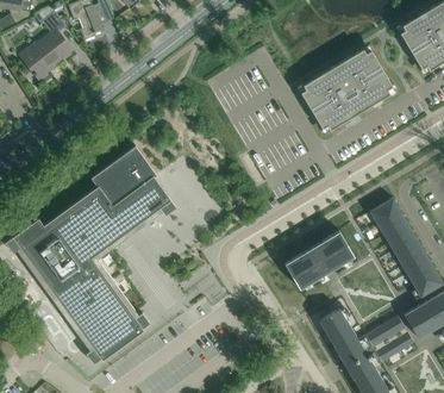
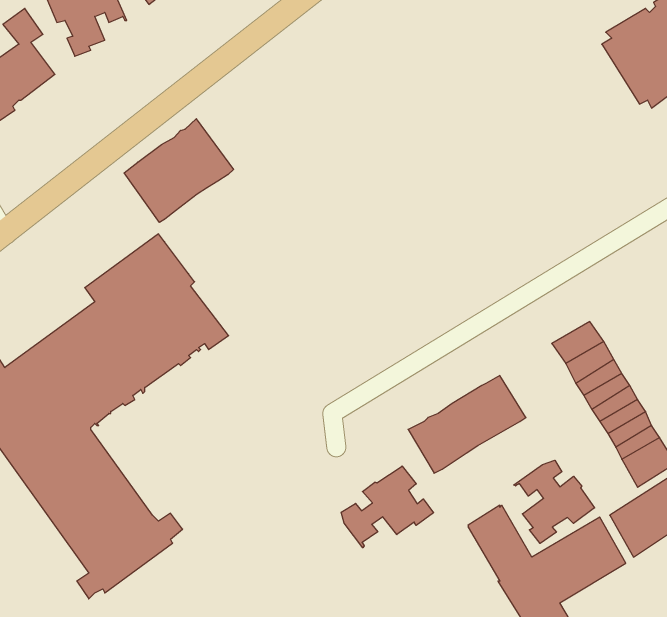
building: [300,48,392,130] -> none
building: none -> [124,119,234,222]
building: none -> [514,460,595,543]
building: none -> [341,466,434,548]

